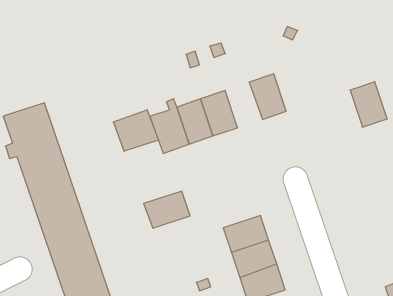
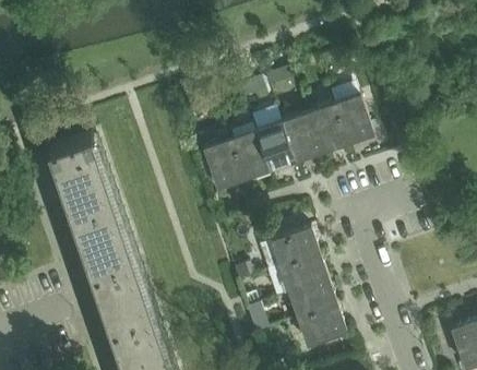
building: [350,82,387,127] -> [333,95,372,143]
building: none -> [282,112,321,160]
building: [114,110,158,151] -> none
building: [144,191,190,228] -> [270,227,319,266]

